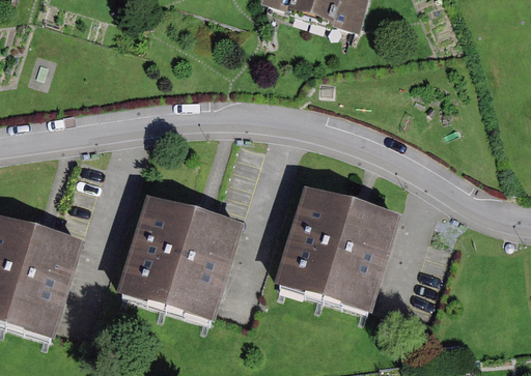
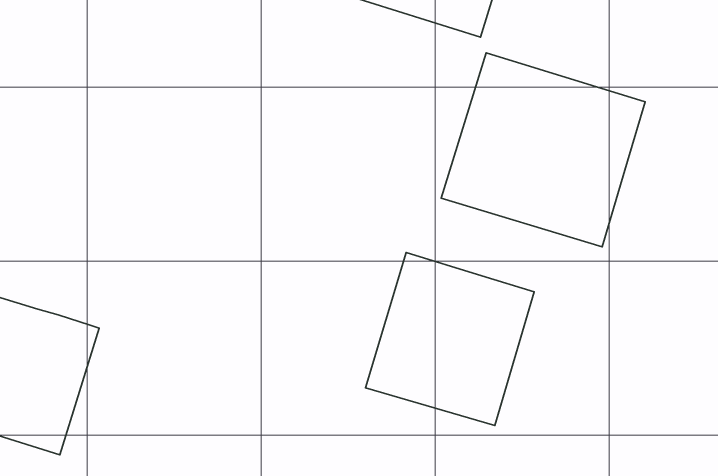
building: none -> [441,53,645,247]
building: [117,196,244,320] -> none

